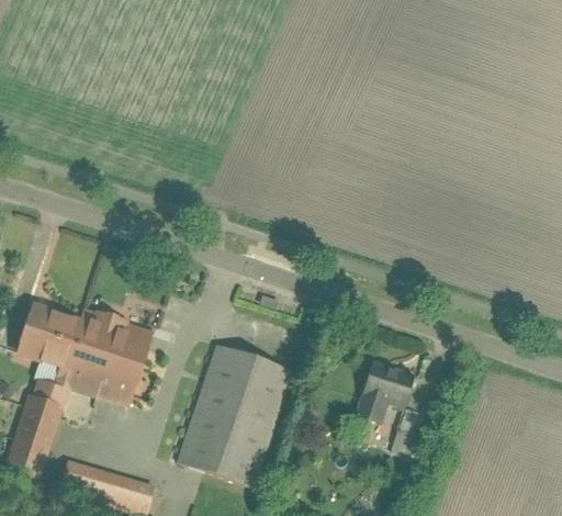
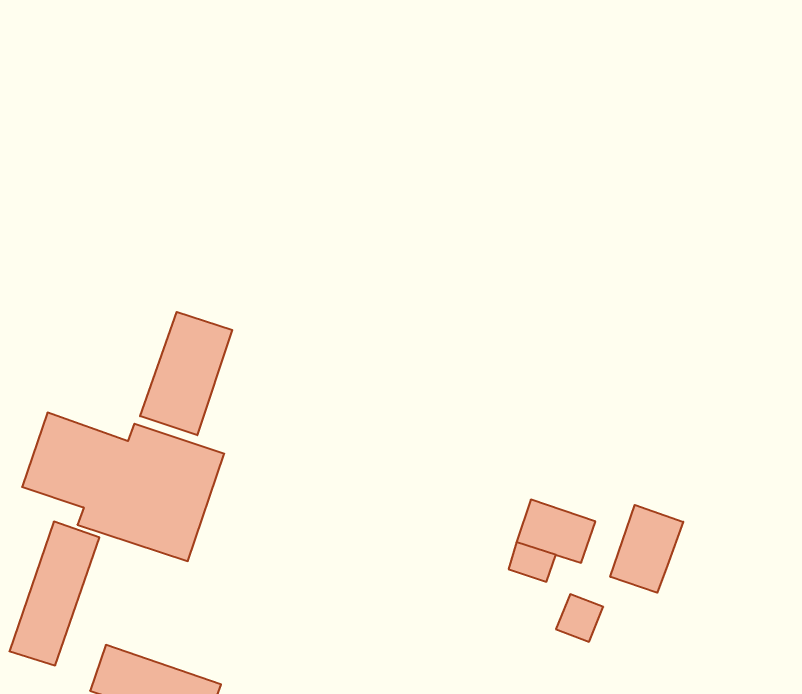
building: none -> [140,312,232,435]
building: [178,345,289,483] -> none
building: none -> [610,505,683,593]

